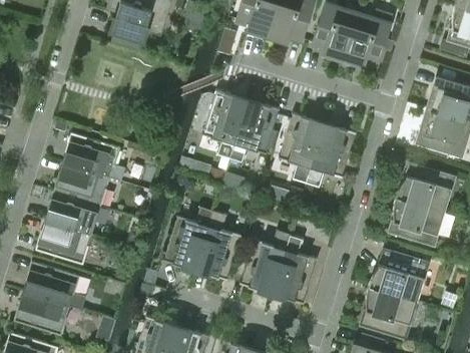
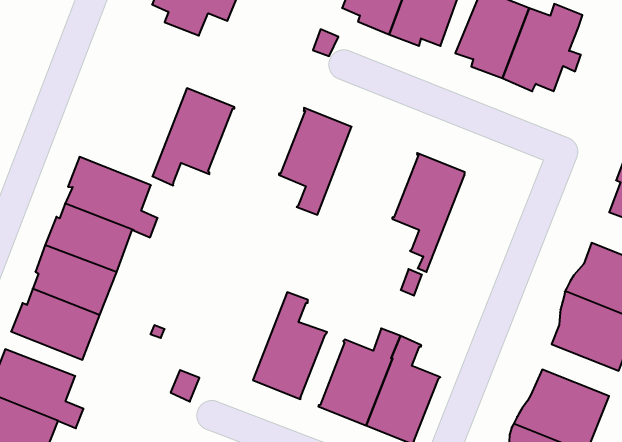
building: [229,99,280,163] -> [152,88,234,185]
building: [304,123,356,193] -> none
building: [163,207,213,270] -> none

